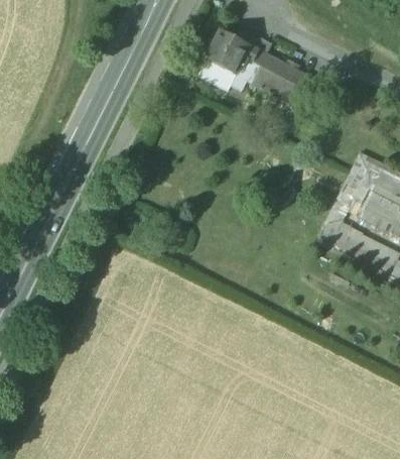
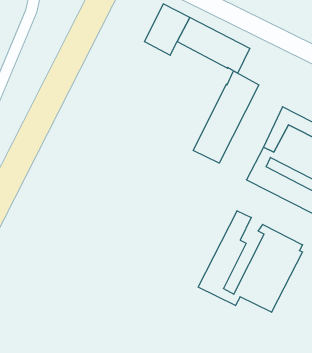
building: none -> [193,71,259,163]
building: none -> [198,211,303,312]

